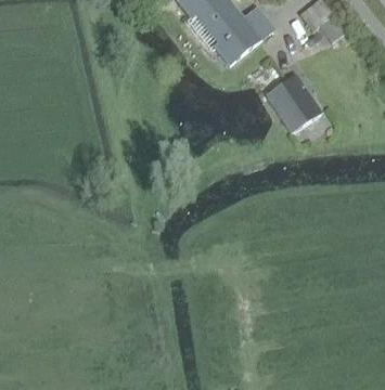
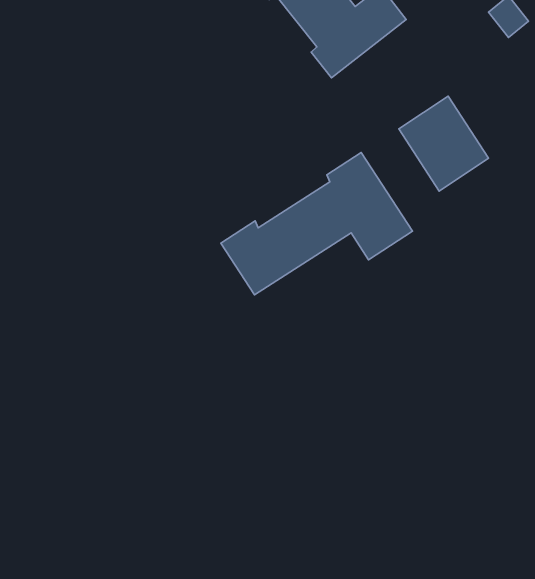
building: none -> [221,153,413,295]

